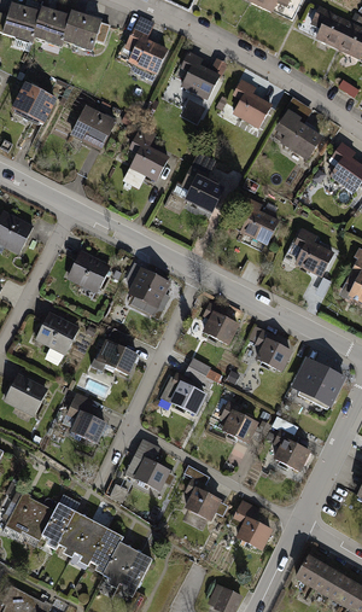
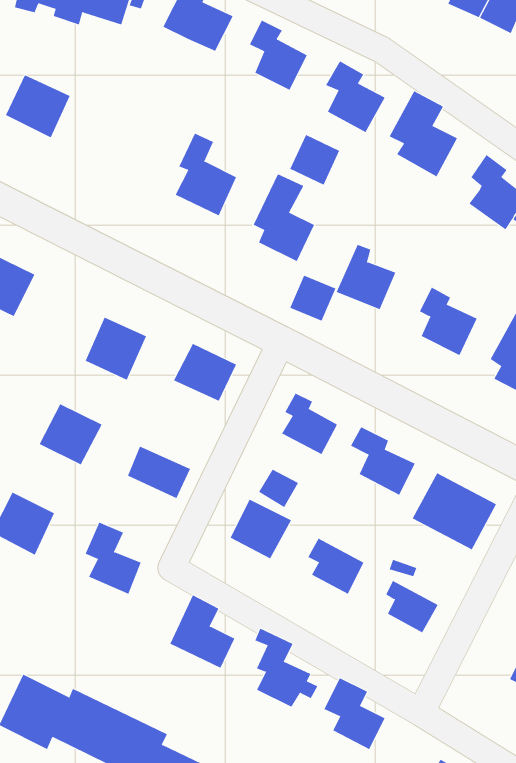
building: [71,106,116,151] -> none
building: none -> [290,134,340,186]
building: none -> [289,275,336,321]

